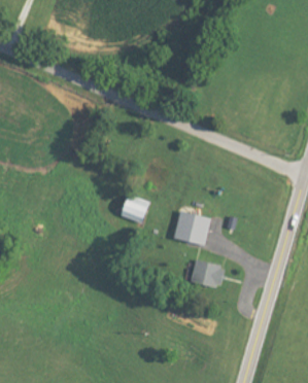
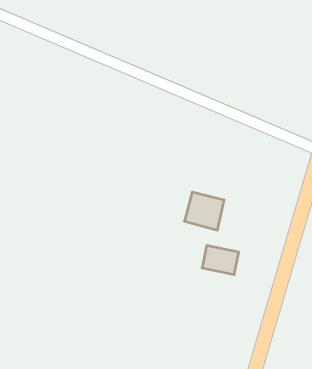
building: [121,195,150,223] -> none

